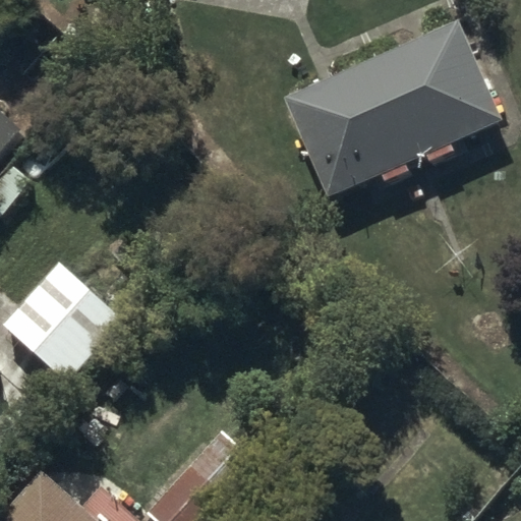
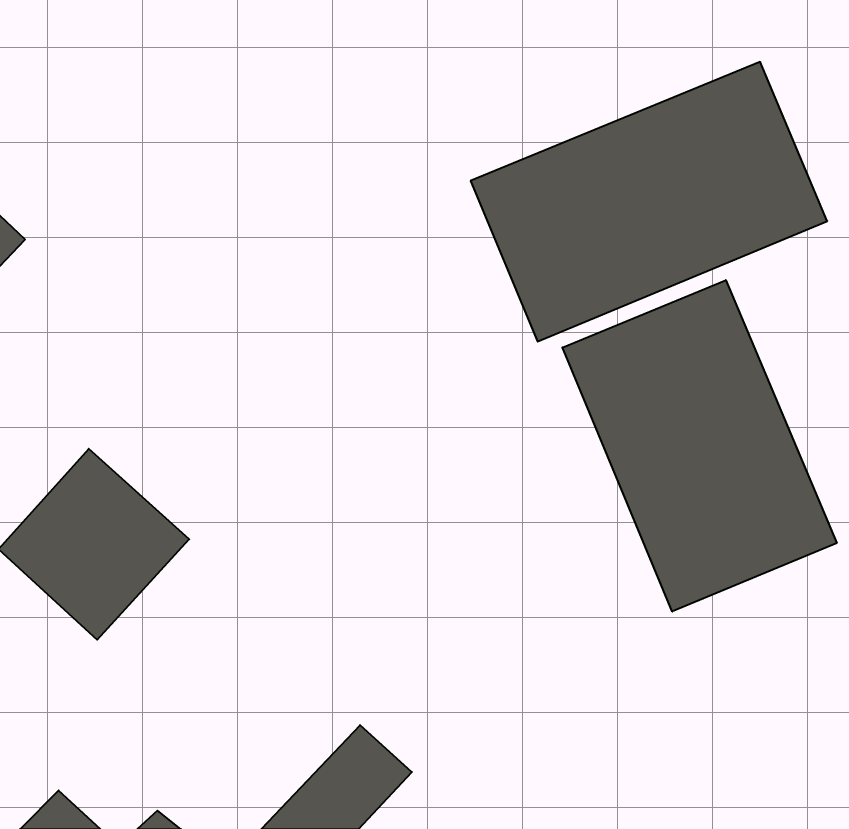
building: none -> [562,280,837,612]

